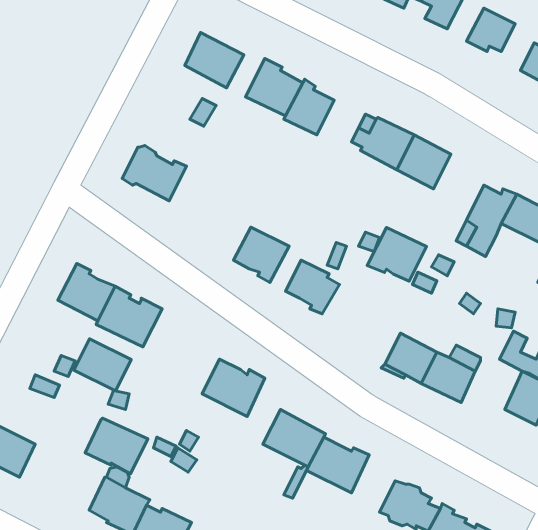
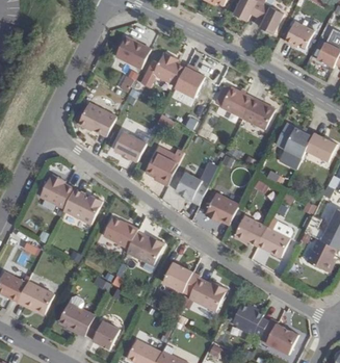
building: none -> [112,131,146,161]
building: [367,227,426,281] -> [203,192,238,225]
building: [74,339,131,391] -> [102,216,136,248]
building: [85,418,148,474] -> [16,281,53,314]

